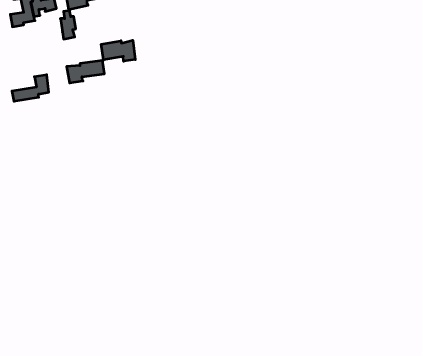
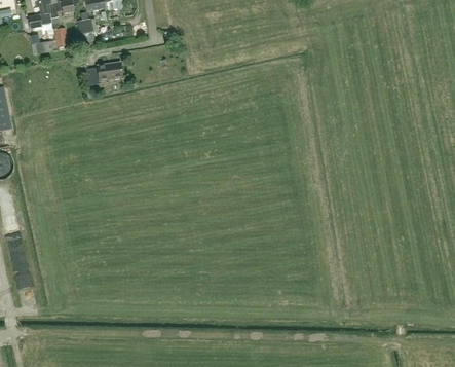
building: [101,40,135,61] -> none
building: [12,75,49,101] -> [30,28,67,54]

